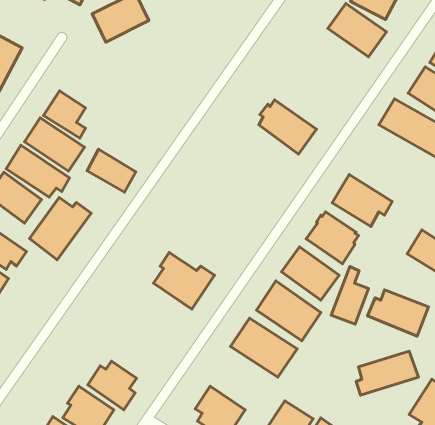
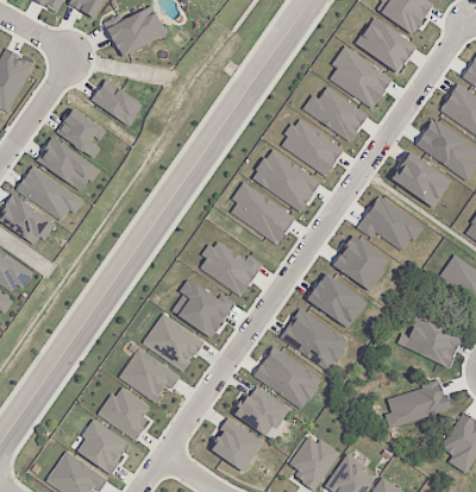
building: none -> [330,46,393,107]
building: none -> [302,87,368,140]
building: none -> [252,149,320,210]
building: none -> [392,150,450,207]
building: [87,149,136,192] -> [92,80,143,125]
building: none -> [231,181,294,244]
building: [29,198,91,260] -> none
building: none -> [199,241,263,296]
building: [331,267,368,324] -> none
building: none -> [143,313,203,371]
building: none -> [125,351,186,402]
building: none -> [238,387,296,442]

